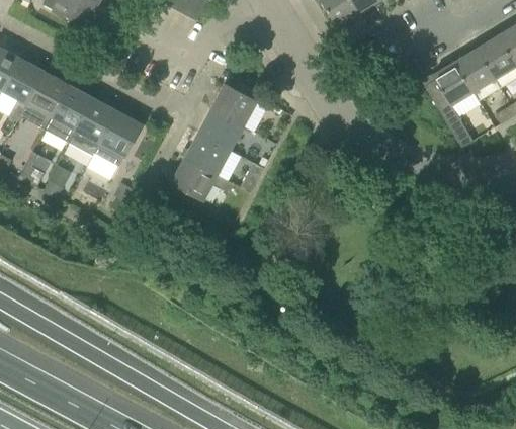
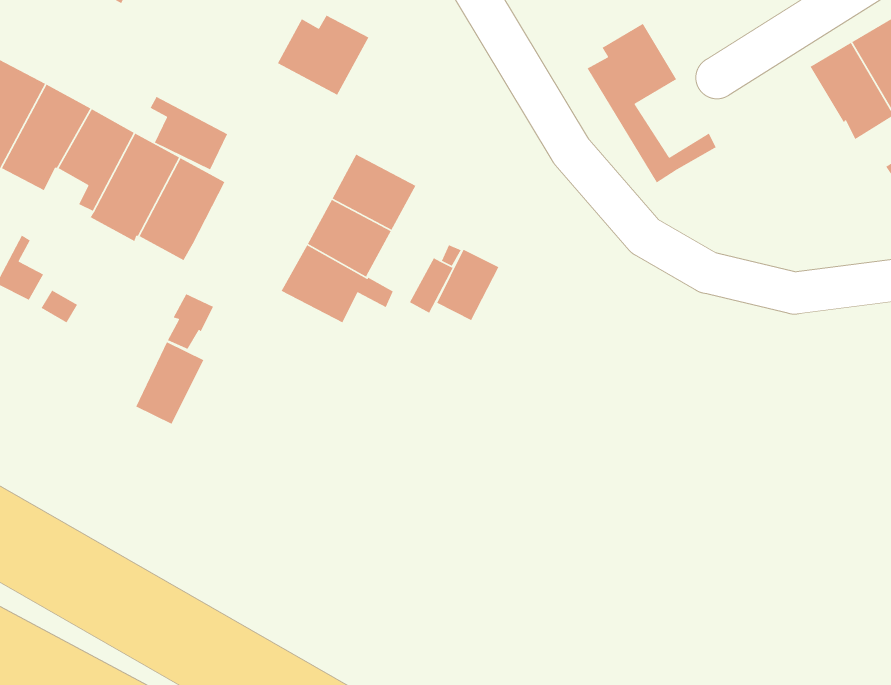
building: [424,62,494,148] -> [586,23,717,183]
building: none -> [149,96,228,171]
building: [211,82,261,125] -> [277,14,370,96]
building: none -> [436,248,500,321]
building: none -> [135,340,205,425]

